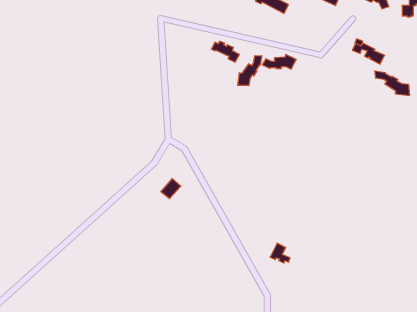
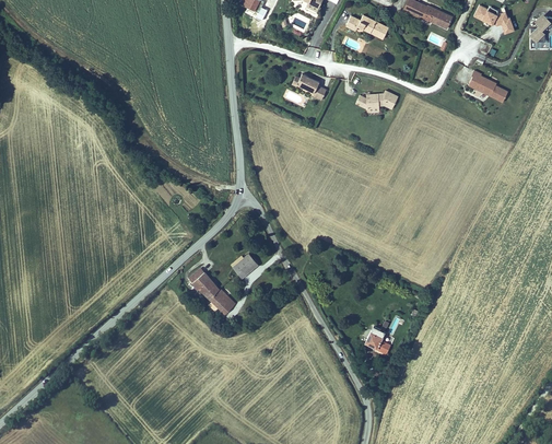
building: [238,56,262,86] -> none
building: [375,71,410,96] -> none
building: none -> [188,260,234,312]

